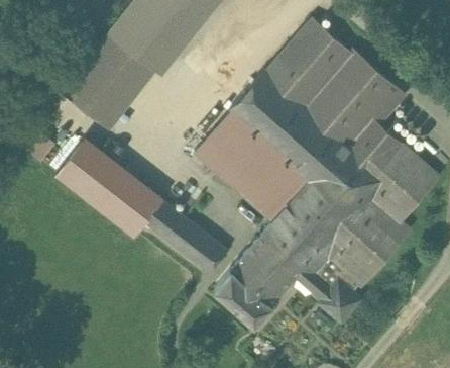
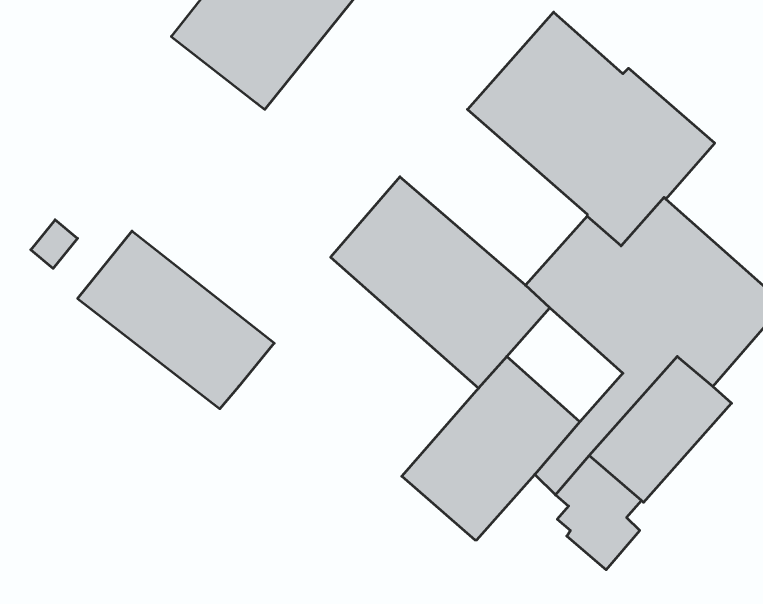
building: [64,34,154,127] -> none
building: [231,72,332,169] -> none
building: [289,181,351,243] -> none
building: [144,201,228,275] -> none
building: [216,271,272,326] -> none

